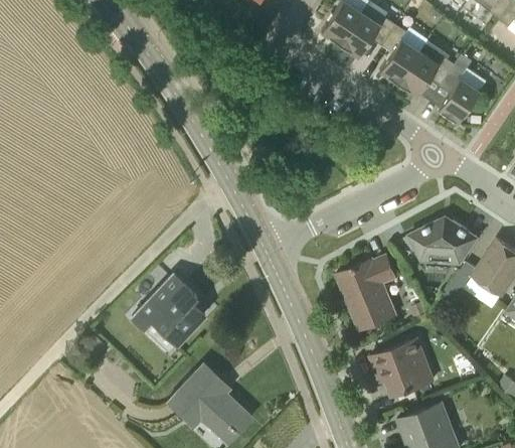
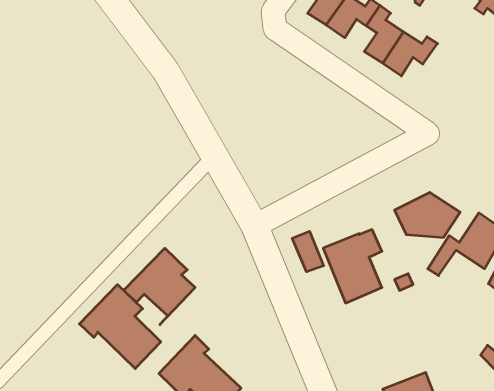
building: [438,64,479,124] -> none
building: none -> [292,231,324,272]
building: none -> [79,285,161,369]
building: [371,338,435,397] -> none

